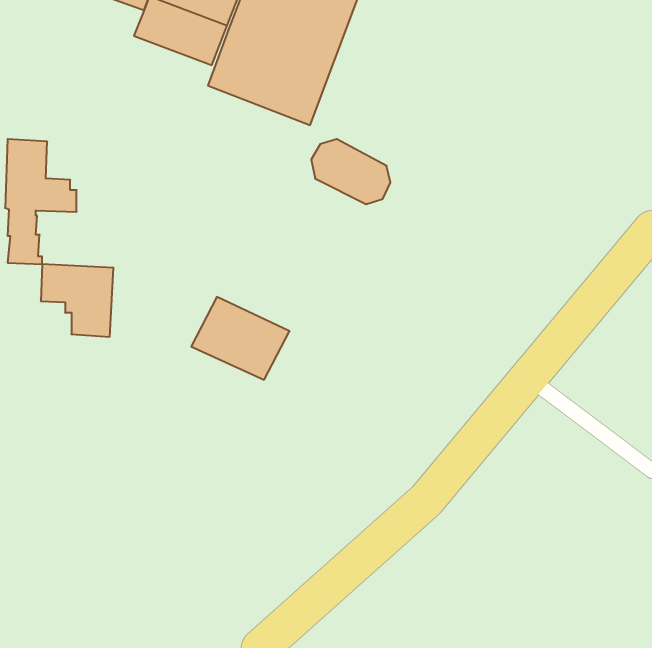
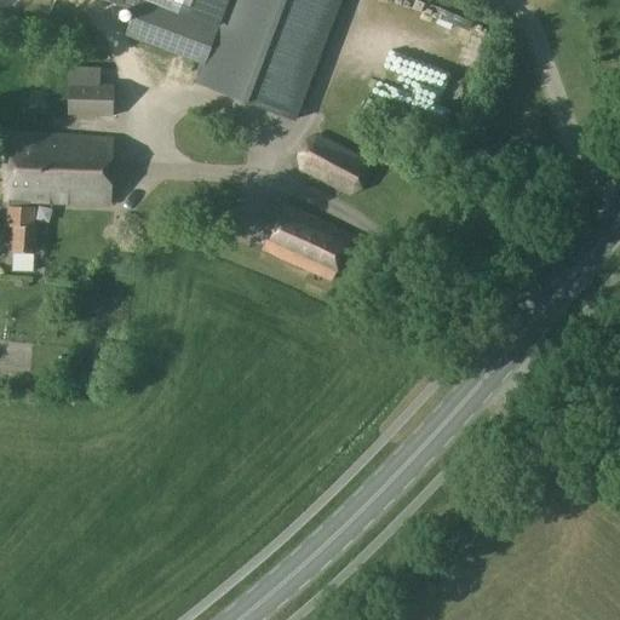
building: none -> [68,80,115,115]
building: [41,264,114,337] -> [44,134,113,203]
building: [191,297,290,380] -> [262,200,355,279]

